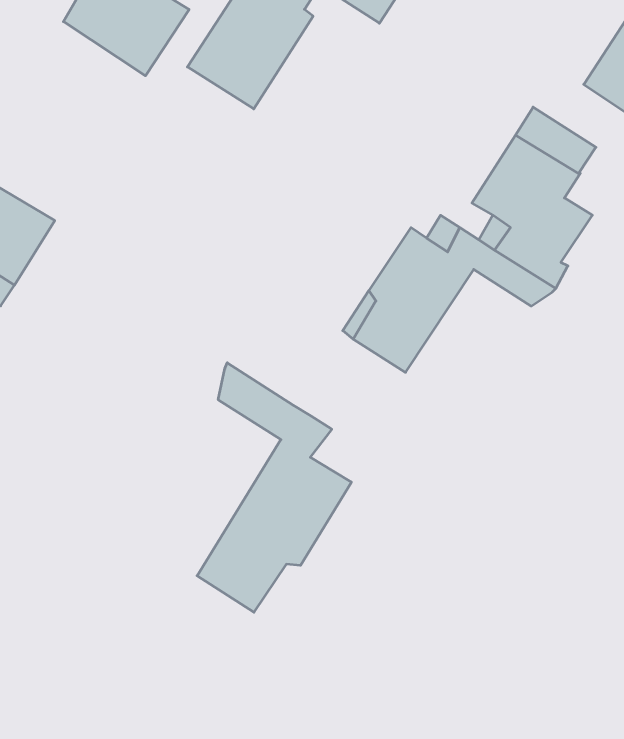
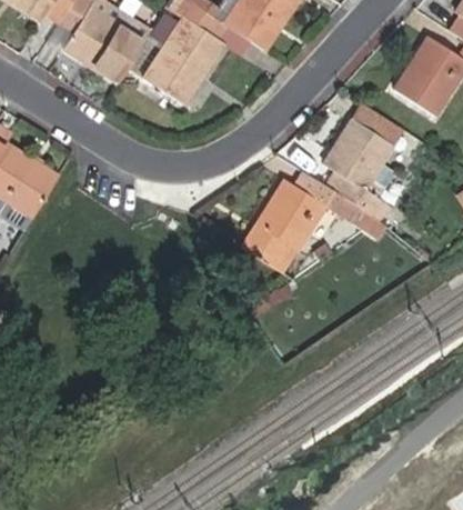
building: [197,363,351,612] -> none

